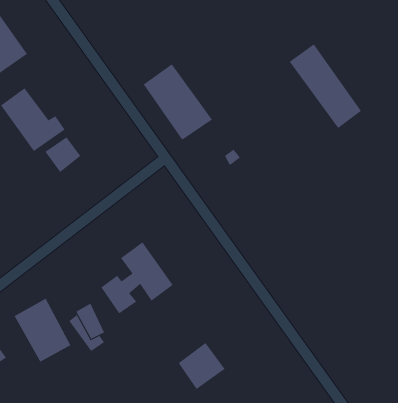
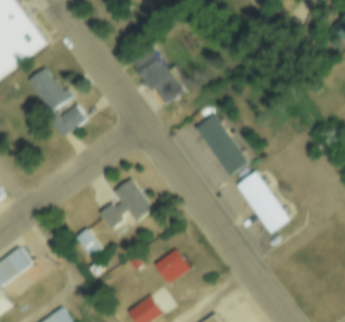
building: [289,44,362,129] -> [197,120,251,183]
building: none -> [239,176,292,239]
building: [14,298,71,363] -> none

